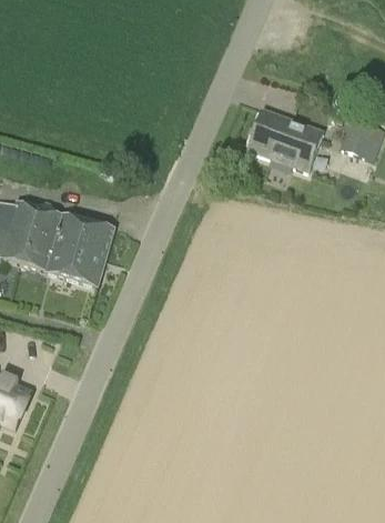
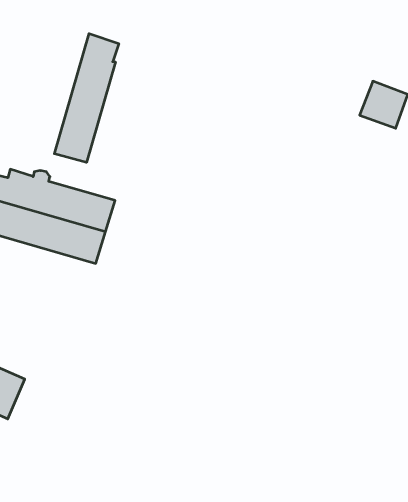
building: none -> [54,34,119,162]
building: [247,108,323,172] -> none

